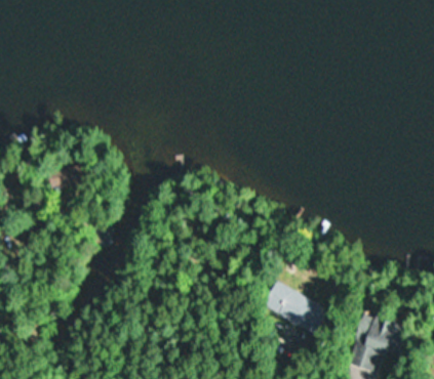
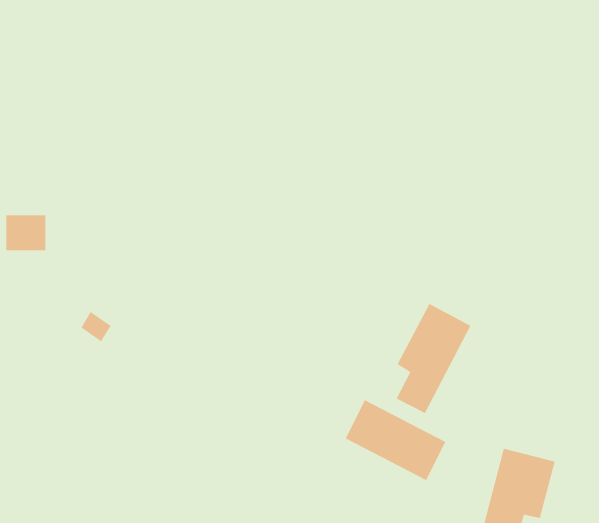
building: none -> [396,303,471,414]

